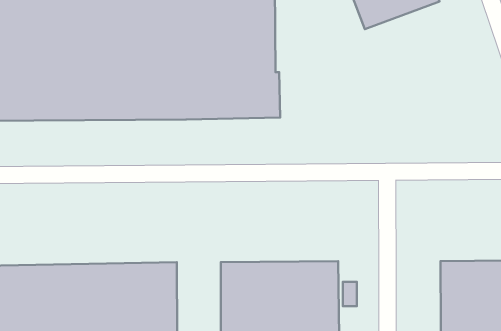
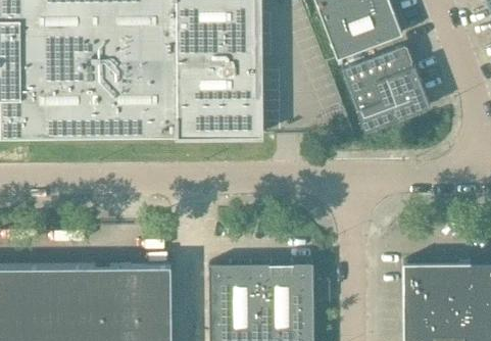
building: none -> [344,47,430,133]

